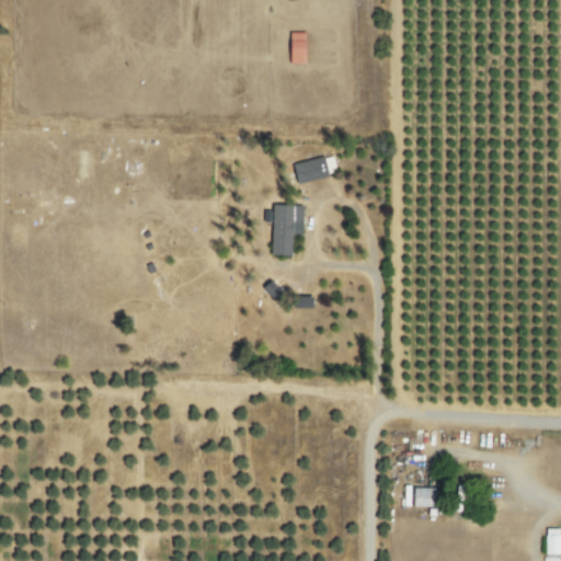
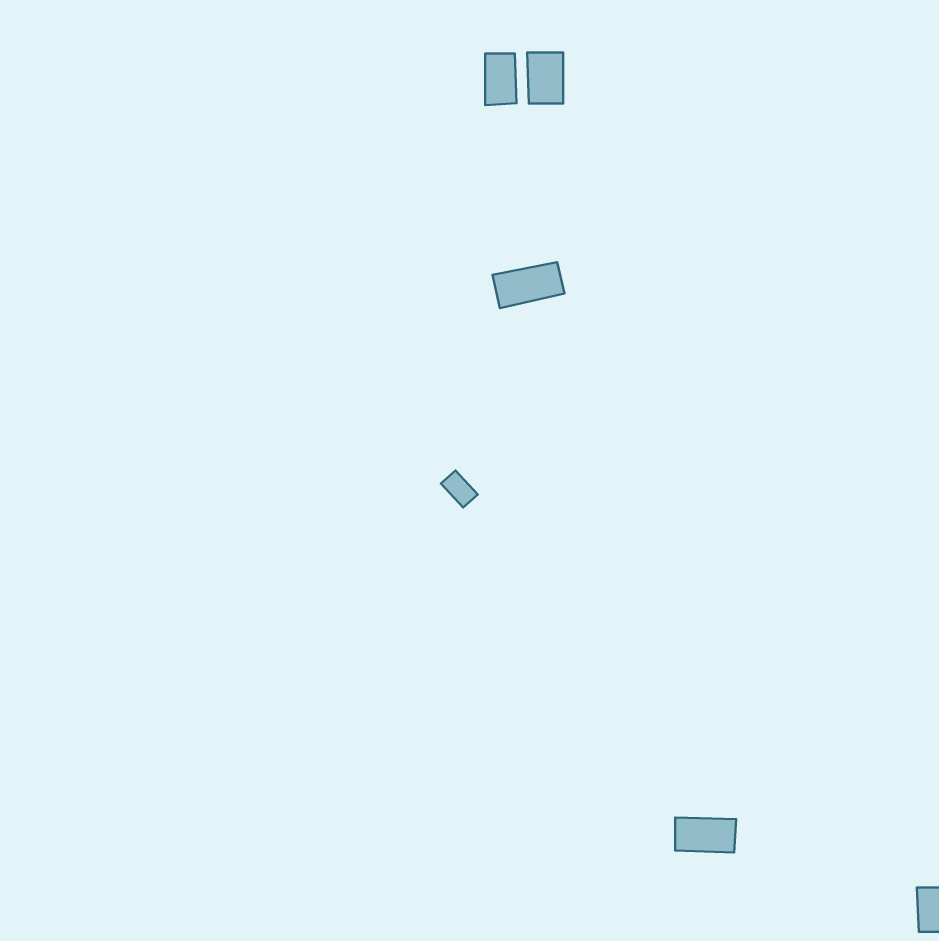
building: none -> [527,52,563,104]
building: [273,205,306,255] -> none

